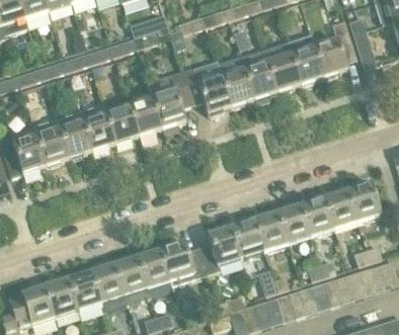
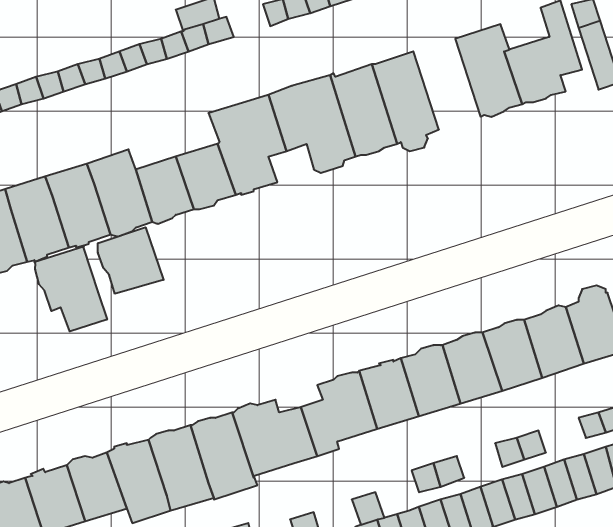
building: [261,43,299,93] -> none
building: none -> [98,227,164,294]
building: none -> [34,246,107,331]

